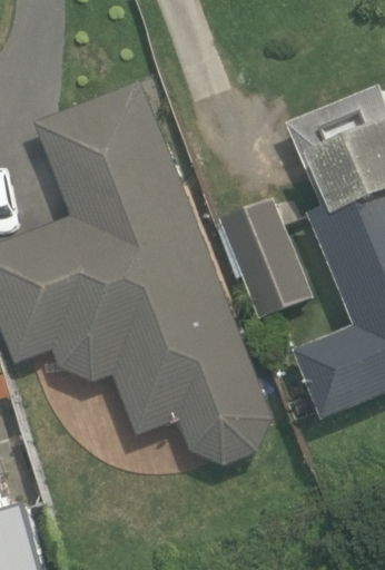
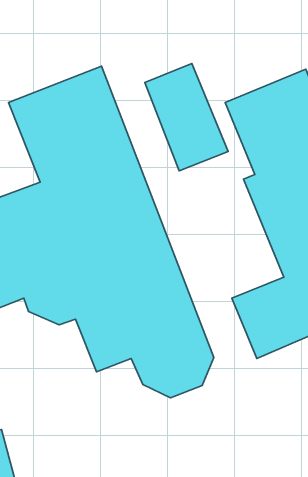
building: [218,196,315,321] -> [145,63,228,171]

